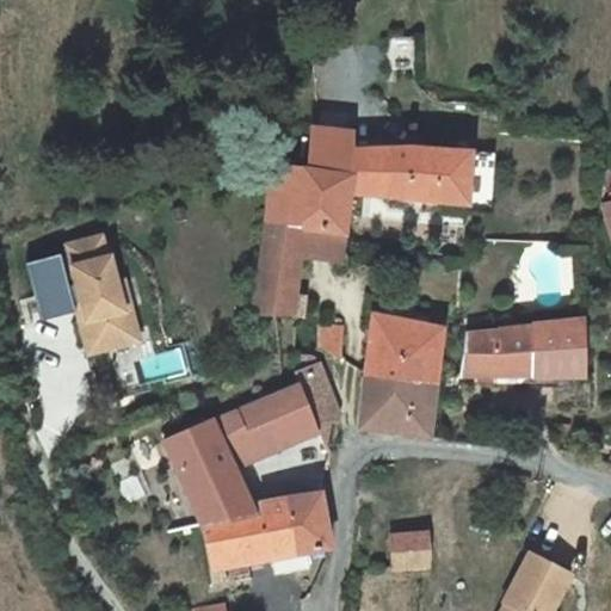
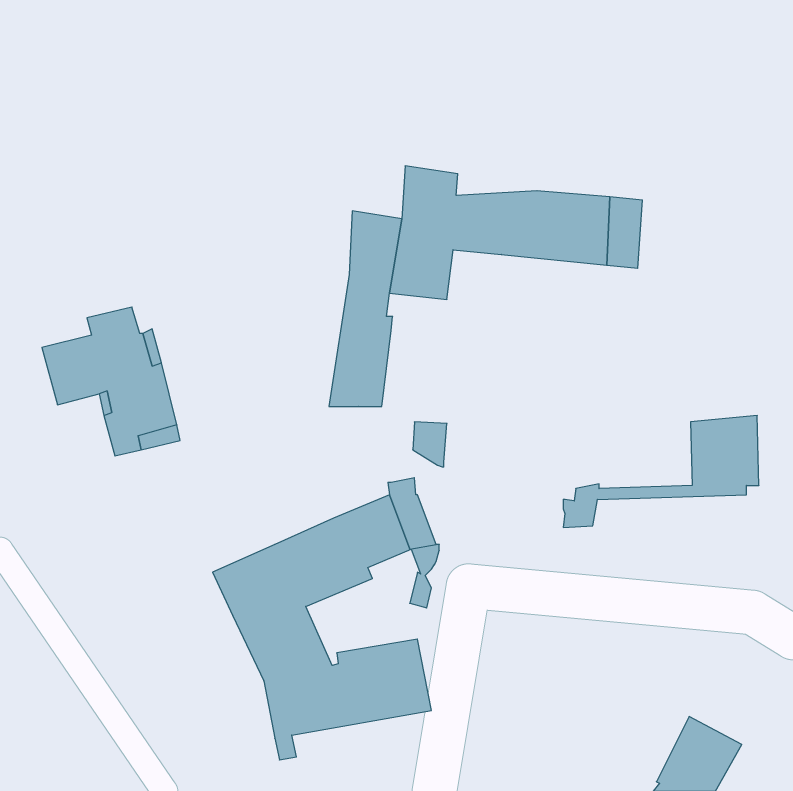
building: [297,226,344,260] -> none
building: [359,315,443,436] -> none
building: [461,325,532,376] -> none
building: [390,532,428,568] -> none

